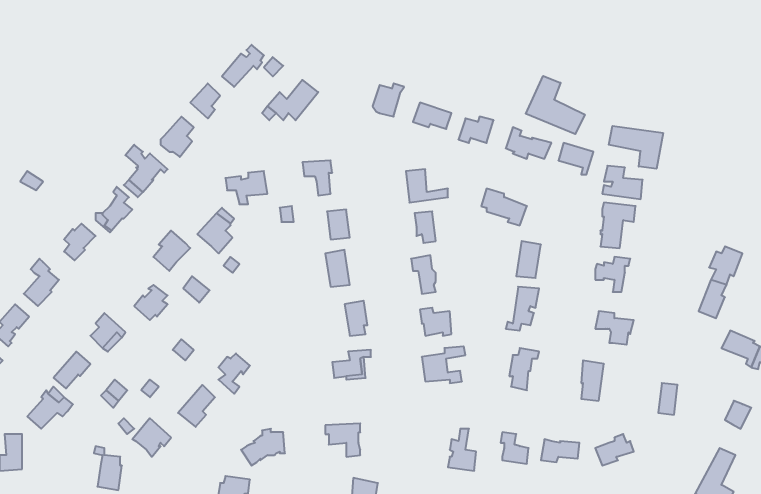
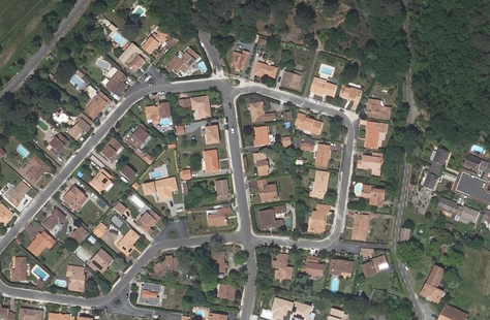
building: [526,76,585,134] -> none
building: [609,126,663,169] -> none
building: none -> [143,177,175,197]

